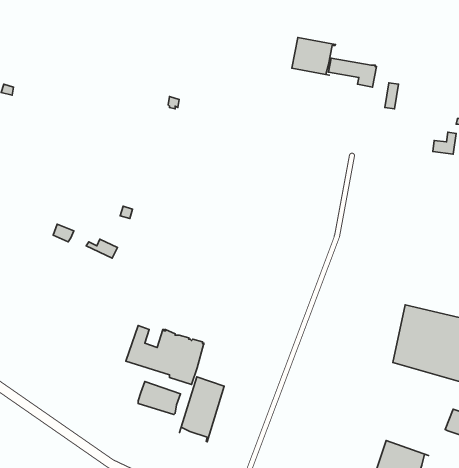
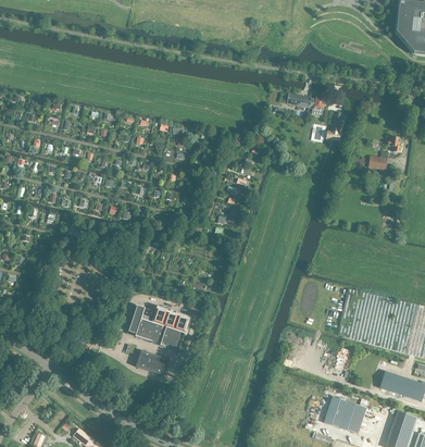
building: [292,38,335,75] -> none
building: [180,377,224,442] -> none

